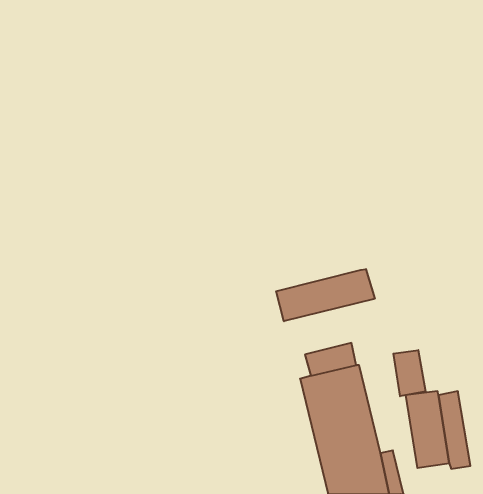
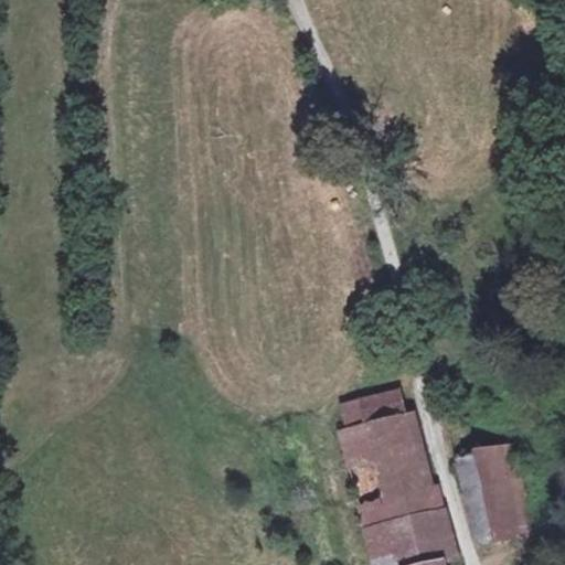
building: [276,269,375,321] -> none
building: [393,350,425,396] -> none

